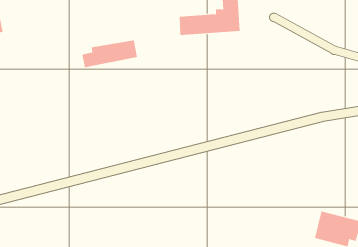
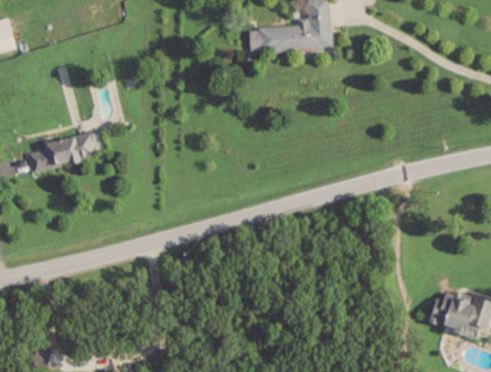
building: [82,40,138,68] -> [29,132,104,170]

